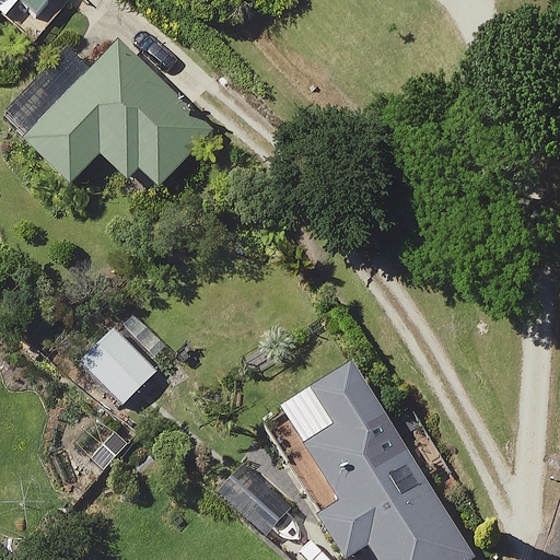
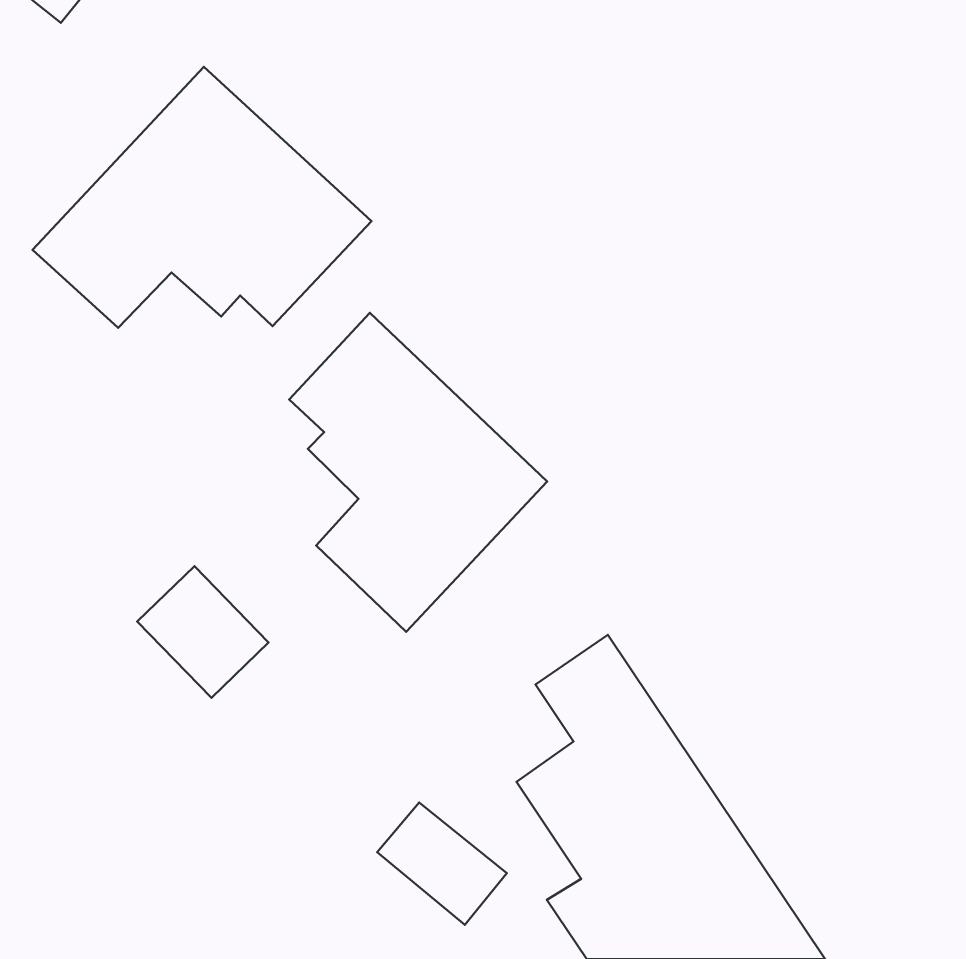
building: none -> [289,313,547,632]

